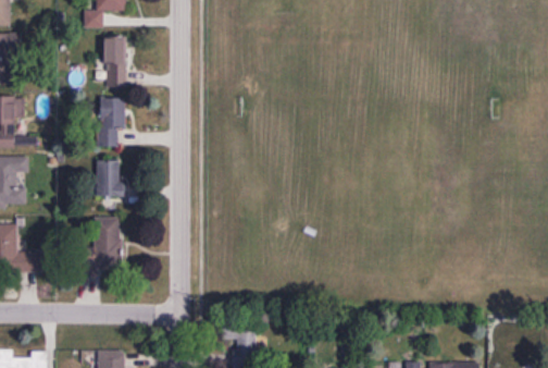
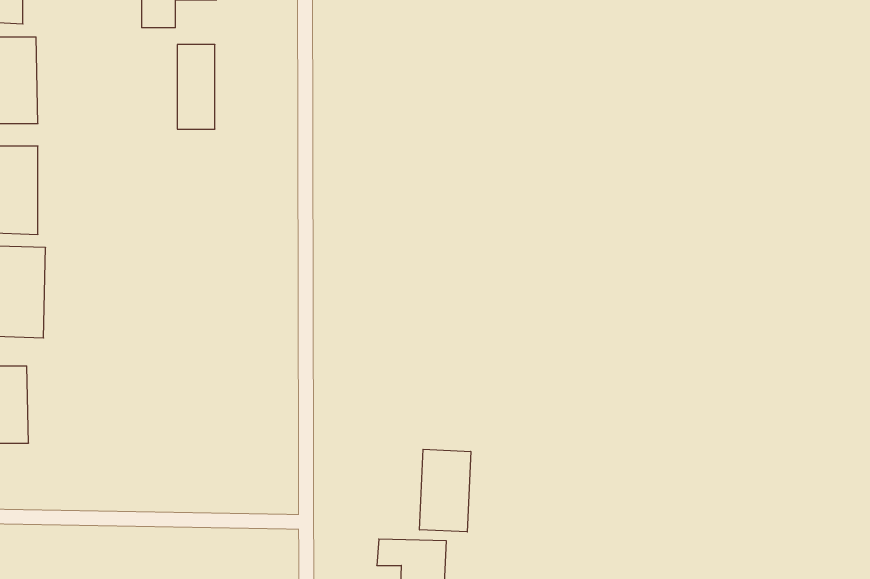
building: [99,98,125,146] -> none
building: [96,160,125,198] -> none
building: [92,218,121,266] -> none
building: none -> [420,449,471,532]

